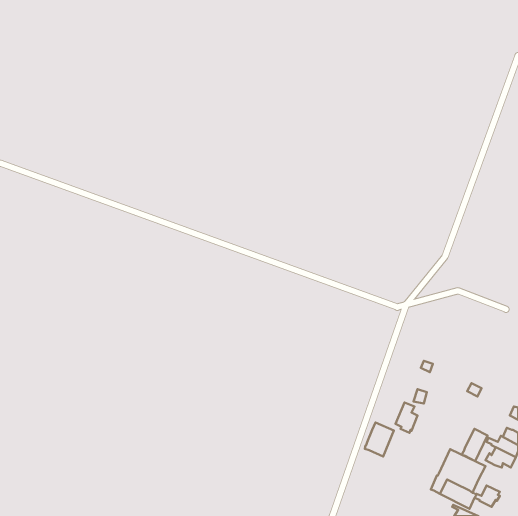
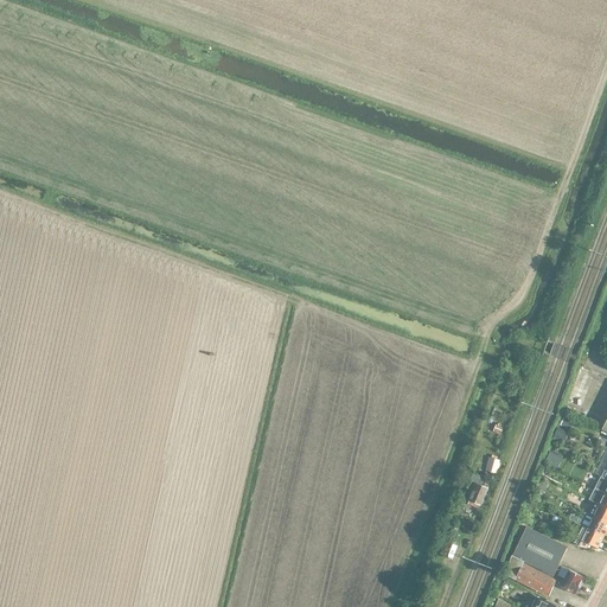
building: [365,423,394,457] -> none
building: [462,429,487,461] -> none

